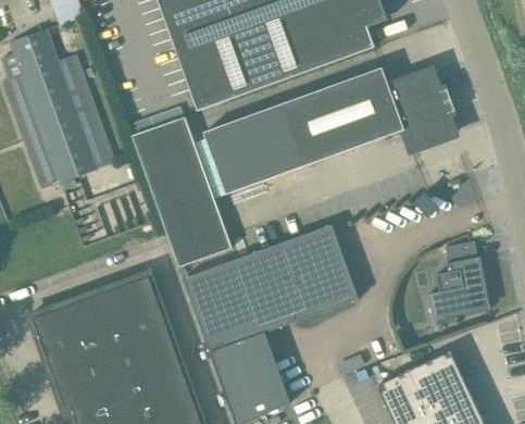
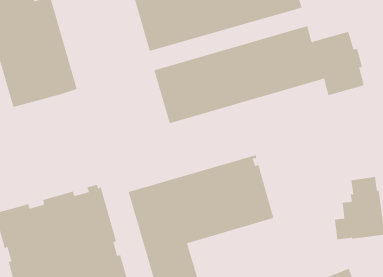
building: [132,116,232,266] -> none

